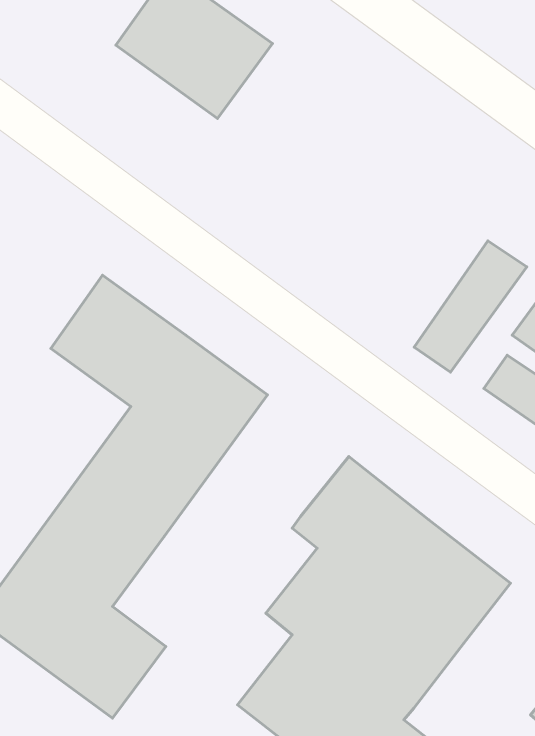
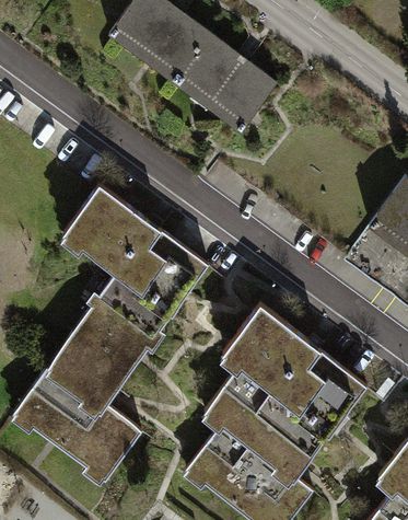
building: none -> [174,35,277,132]
building: [414,241,527,372] -> none

